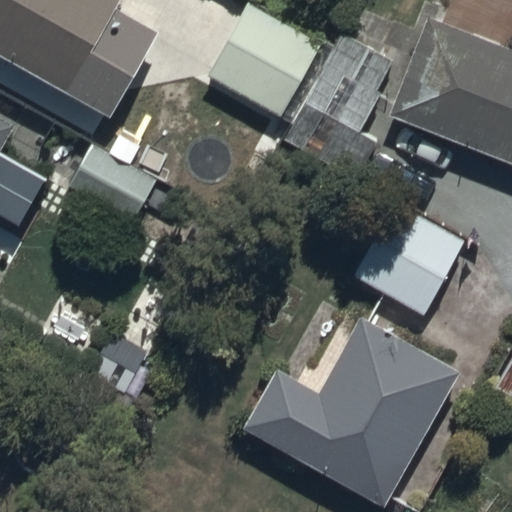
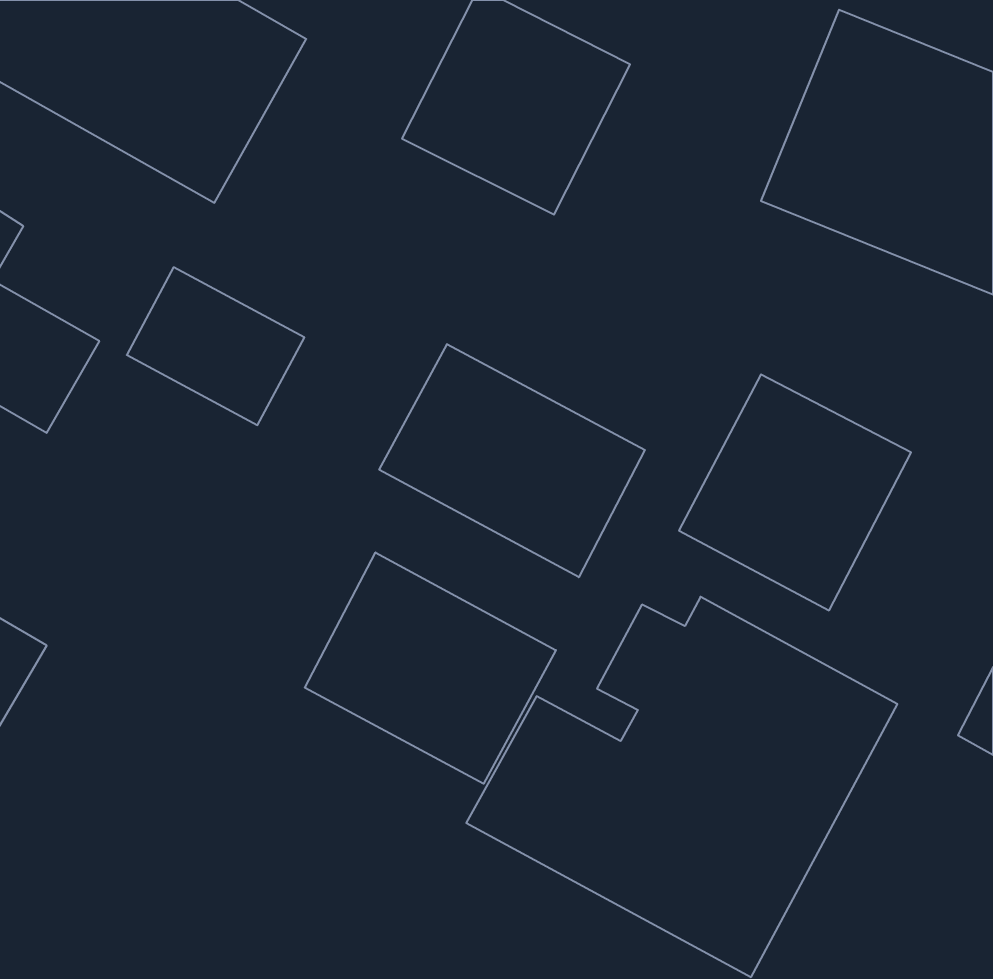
building: [276,33,398,191] -> none
building: none -> [379,344,645,577]
building: none -> [305,552,556,784]

